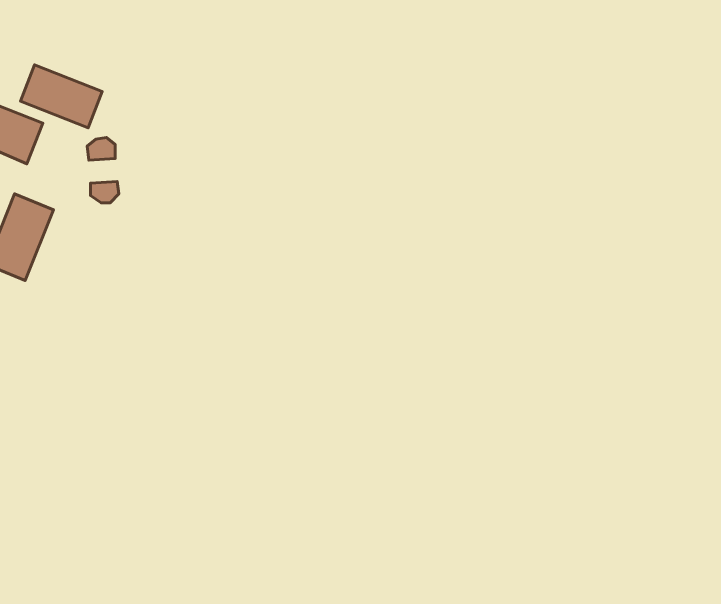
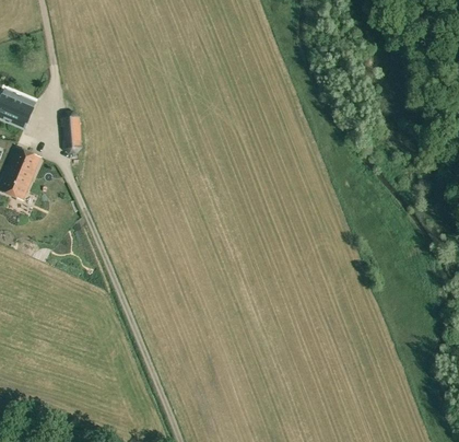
building: [20,65,102,128] -> none

